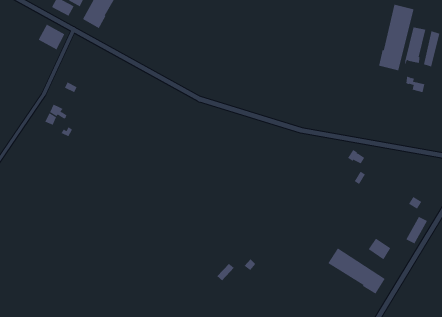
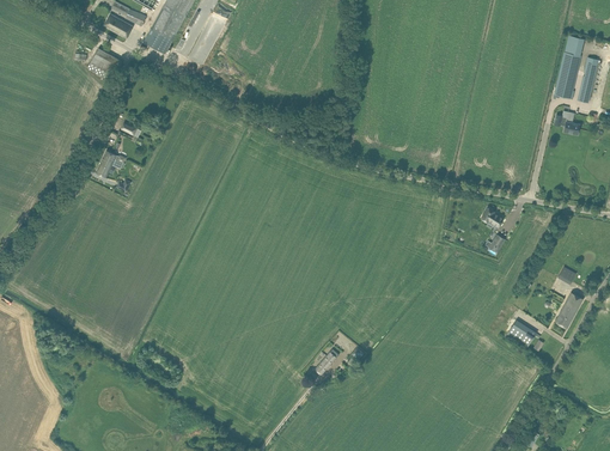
building: [379,4,414,71] -> none
building: [328,247,386,294] -> none

